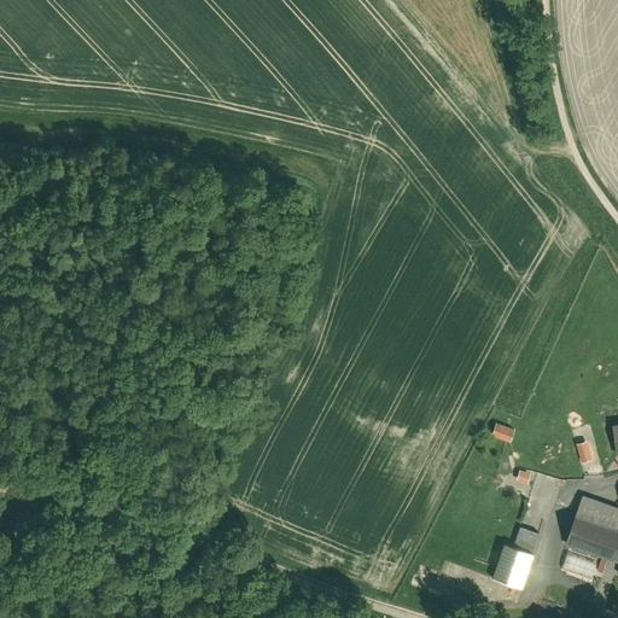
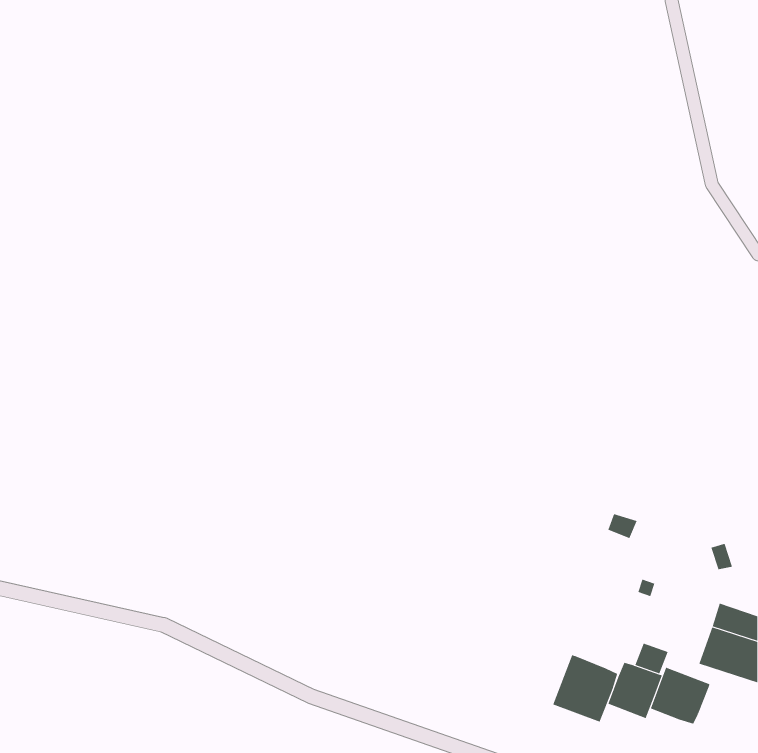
building: none -> [553,655,618,723]
building: none -> [650,667,710,725]

